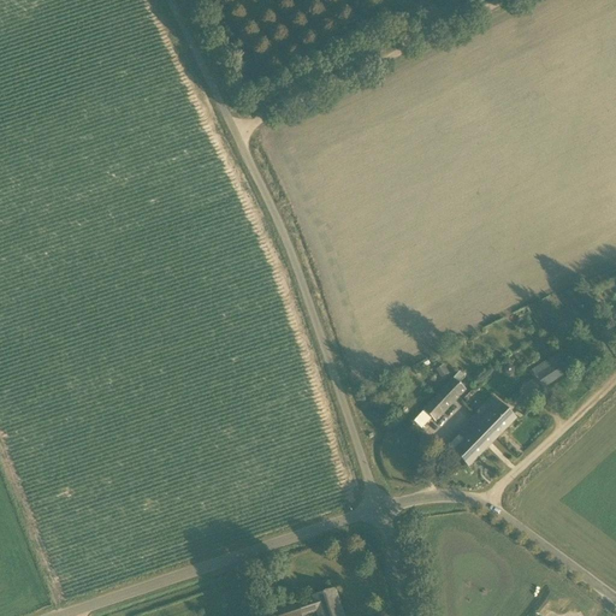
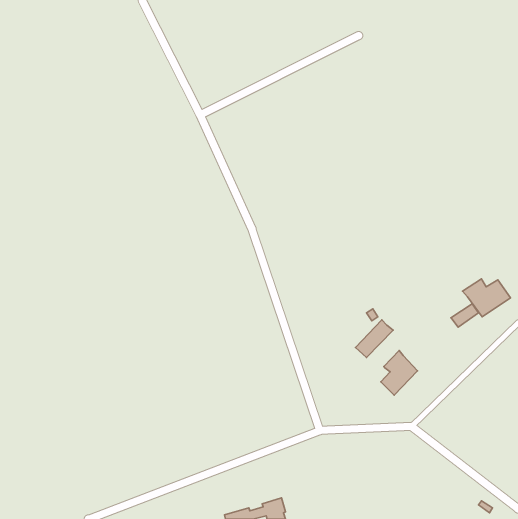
building: none -> [462,279,511,317]
building: [478,397,514,439] -> none

